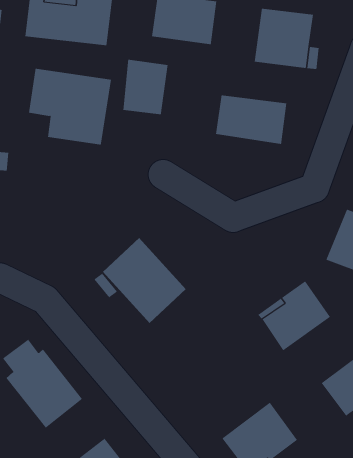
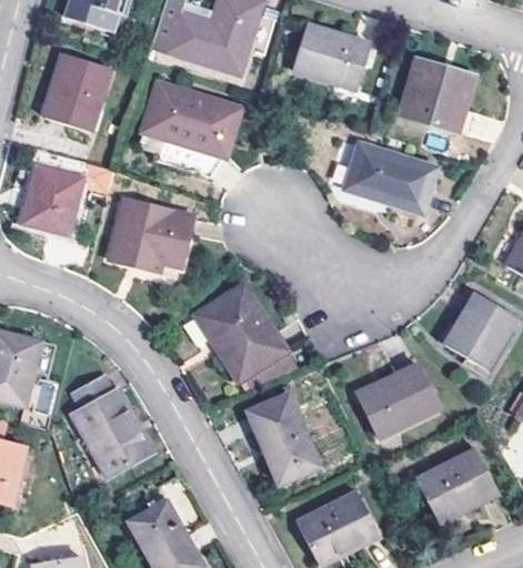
building: [123,59,168,115] -> none
building: none -> [109,199,198,273]
building: none -> [248,395,319,483]

